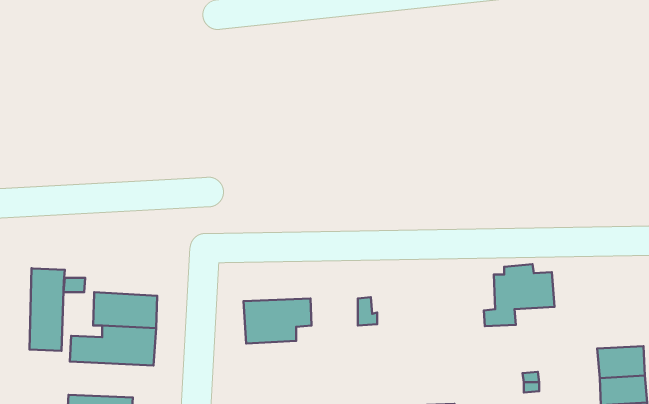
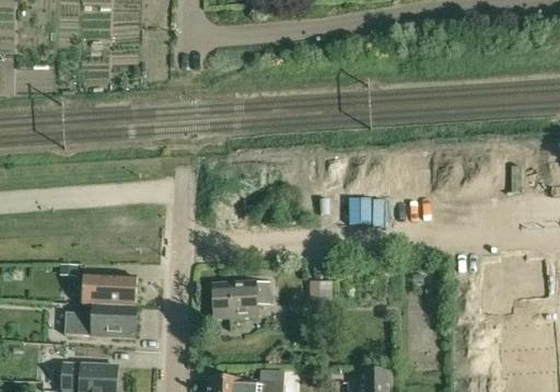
building: [484,264,554,326] -> [483,254,544,307]
building: [30,268,65,351] -> none

